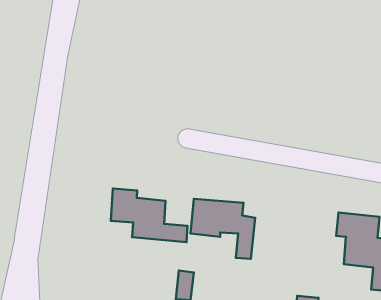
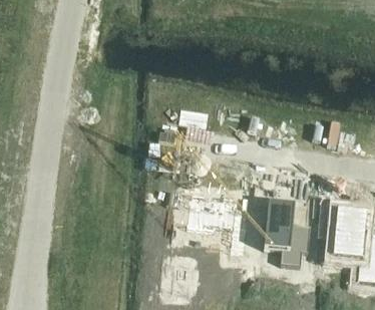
building: [111,189,187,242] -> none
building: none -> [263,200,309,263]

